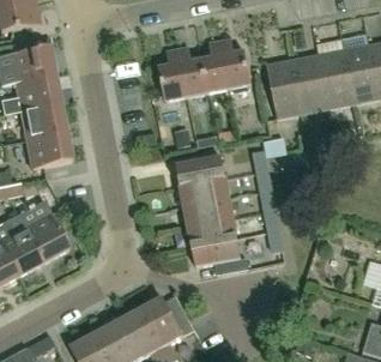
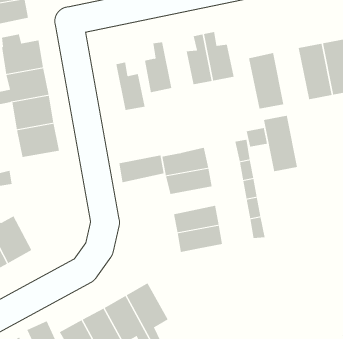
building: [177,44,208,95] -> [116,62,146,110]
building: [292,53,328,111] -> [263,115,298,172]
building: [185,197,232,225] -> [118,155,165,183]
building: [23,212,68,263] -> none

